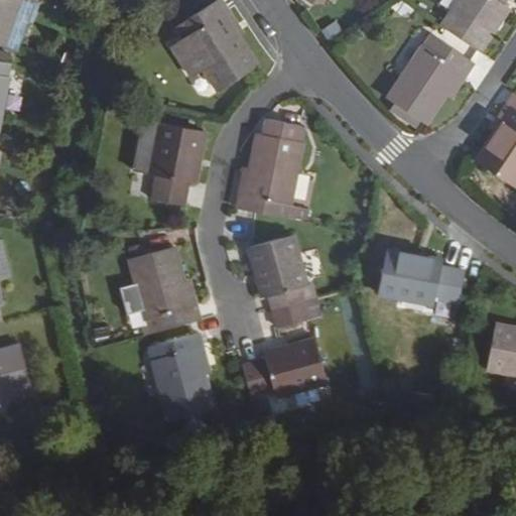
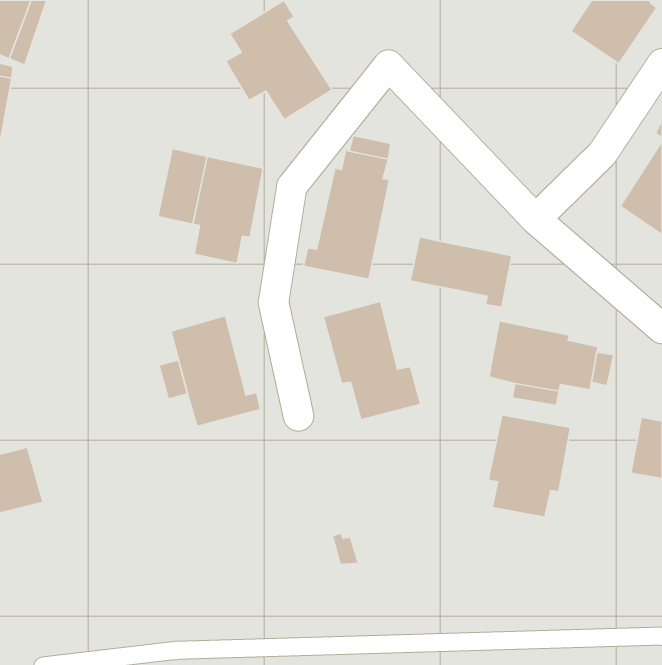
building: [387,34,473,123] -> none
building: none -> [410,237,512,307]
building: none -> [488,415,570,517]
building: [147,333,211,420] -> none
building: [244,340,328,397] -> none

